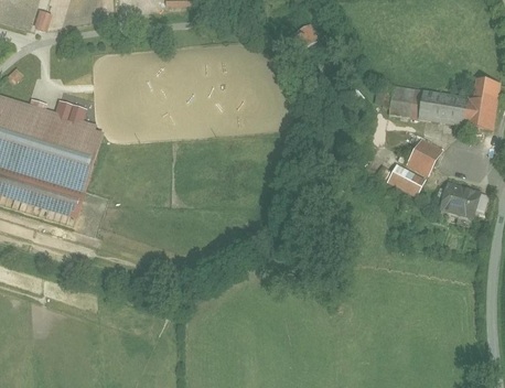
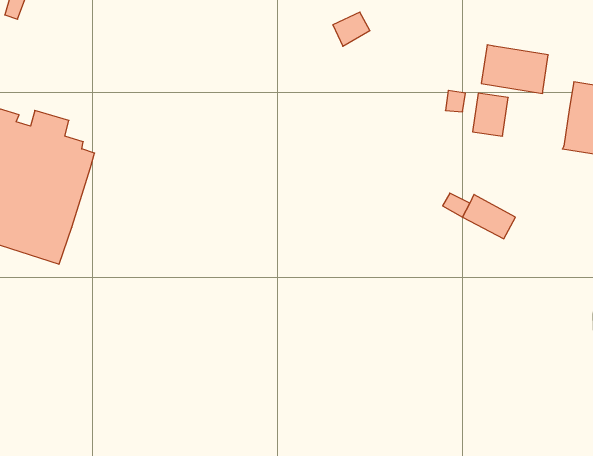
building: [418,89,470,127] -> [481,45,548,93]
building: [404,138,441,176] -> none
building: [441,182,483,222] -> none

